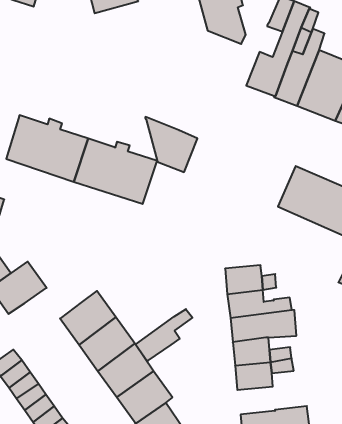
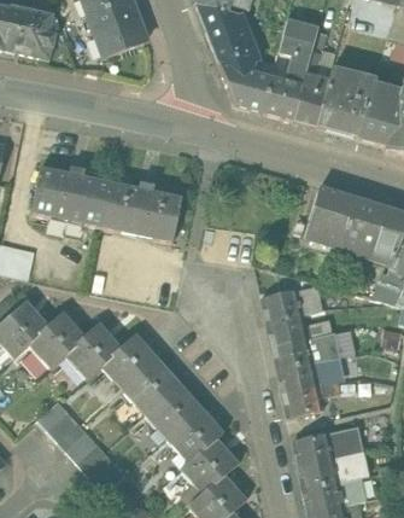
building: [145,117,197,172] -> [218,62,273,112]
building: none -> [65,322,122,378]
building: [135,309,192,362] -> none

